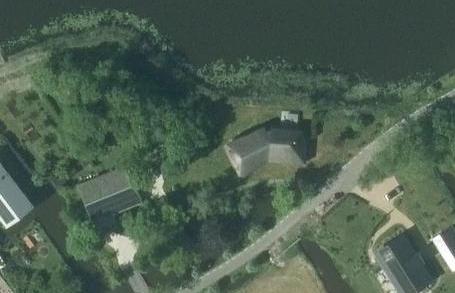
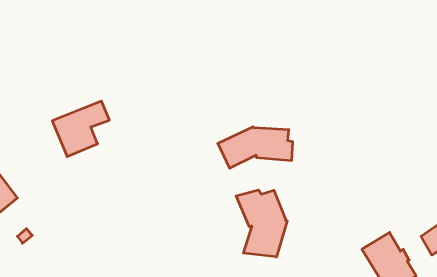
building: [78,168,136,224] -> [52,101,109,157]
building: none -> [236,190,287,257]

